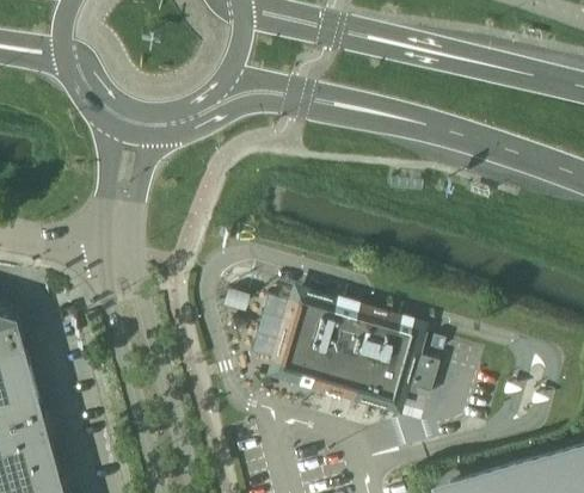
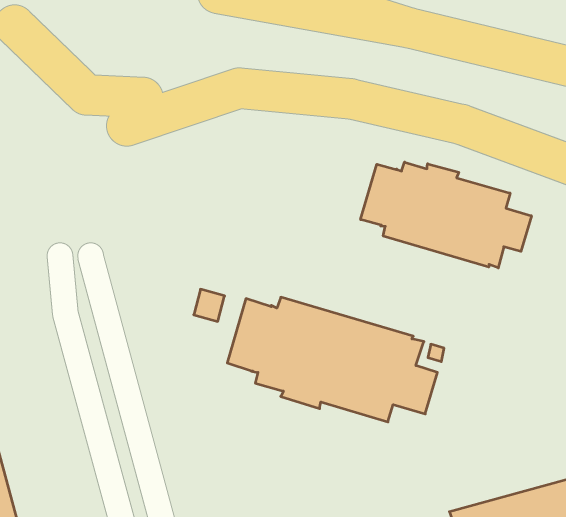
building: none -> [361,162,531,268]

